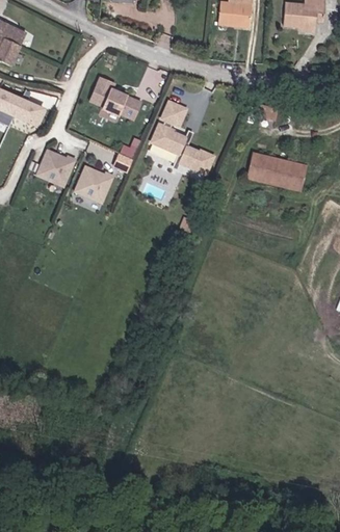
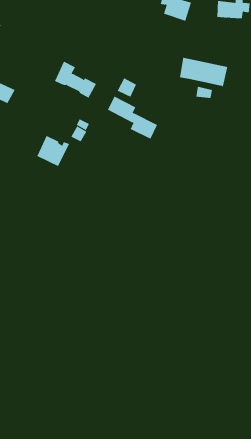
building: [32,145,72,184] -> none
building: [249,154,307,189] -> [179,57,228,87]

